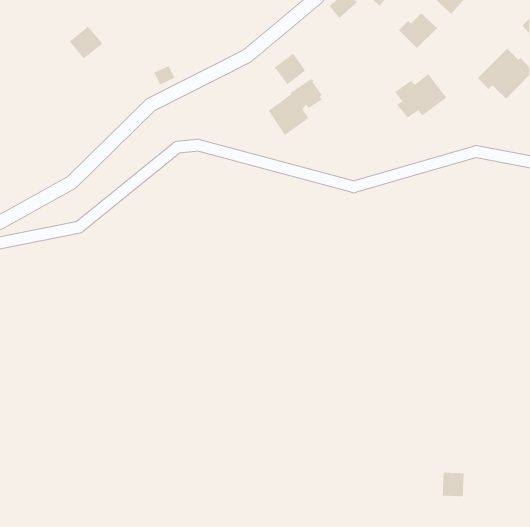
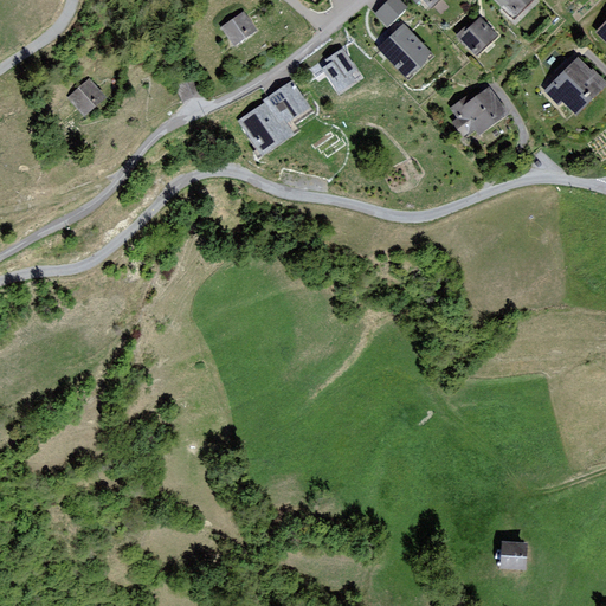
building: none -> [221,11,257,45]
building: none -> [386,25,426,69]
building: [69,26,103,59] -> [70,76,109,114]
building: [268,79,323,136] -> [243,82,305,147]

